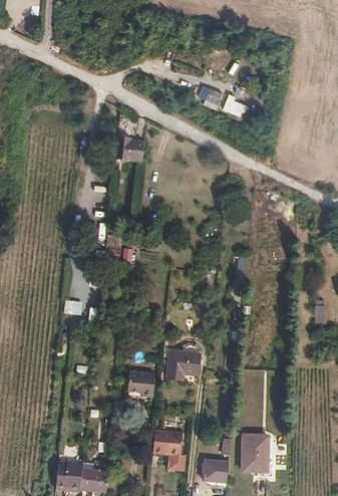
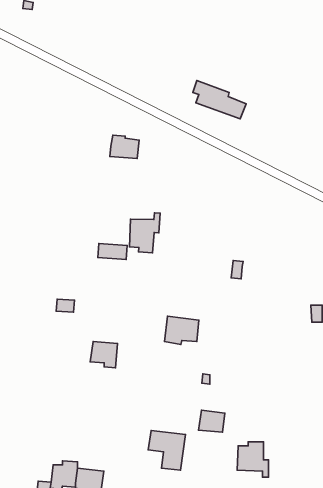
building: none -> [129,213,160,253]
building: [165,350,200,379] -> [165,316,199,345]
building: [126,368,153,395] -> [90,341,117,368]
building: [202,458,228,480] -> [198,410,225,432]

